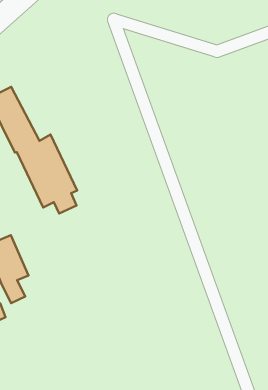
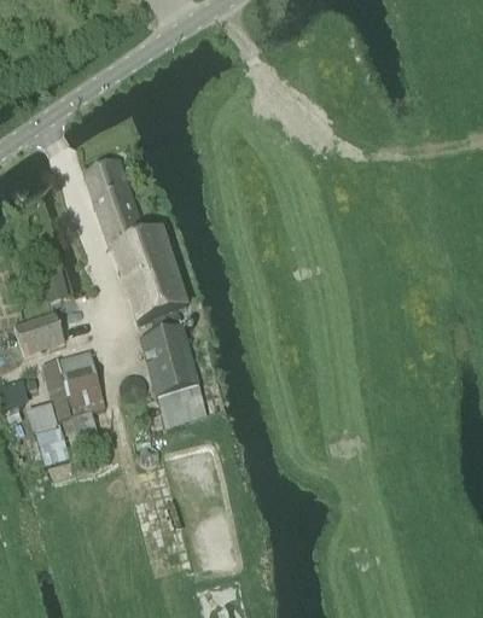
building: none -> [139,326,205,424]

